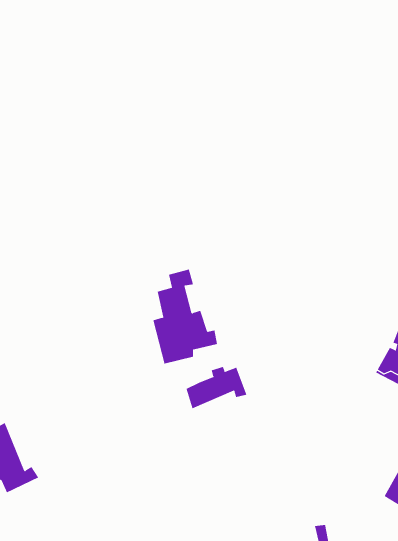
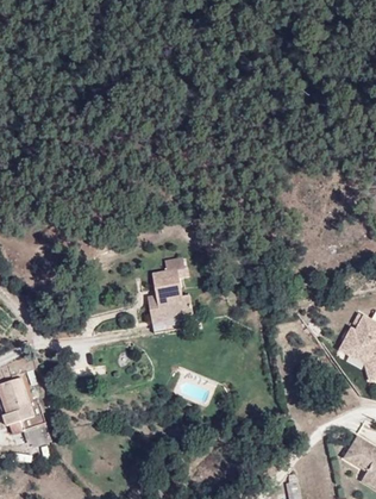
building: [186,366,247,409] -> none

